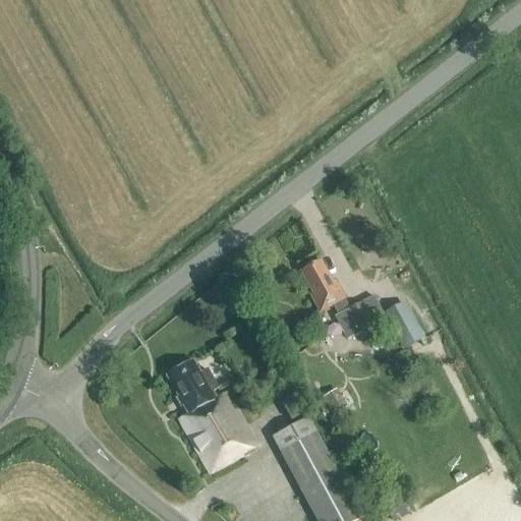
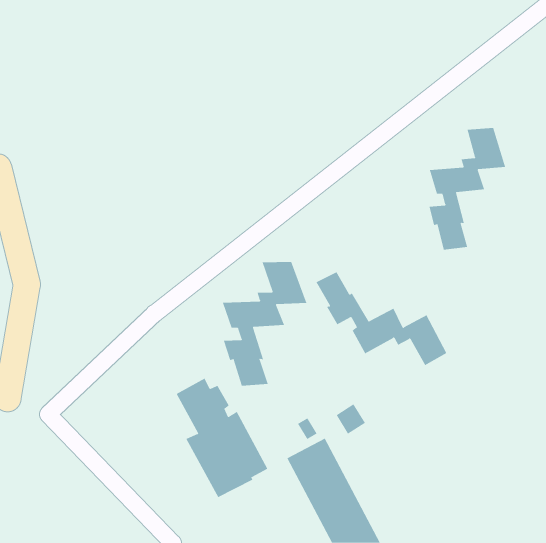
building: none -> [429,127,506,250]
building: none -> [222,261,307,387]

